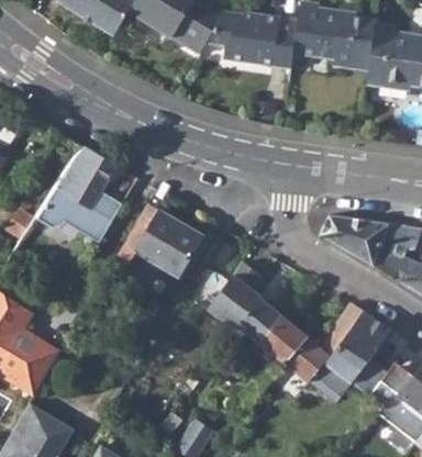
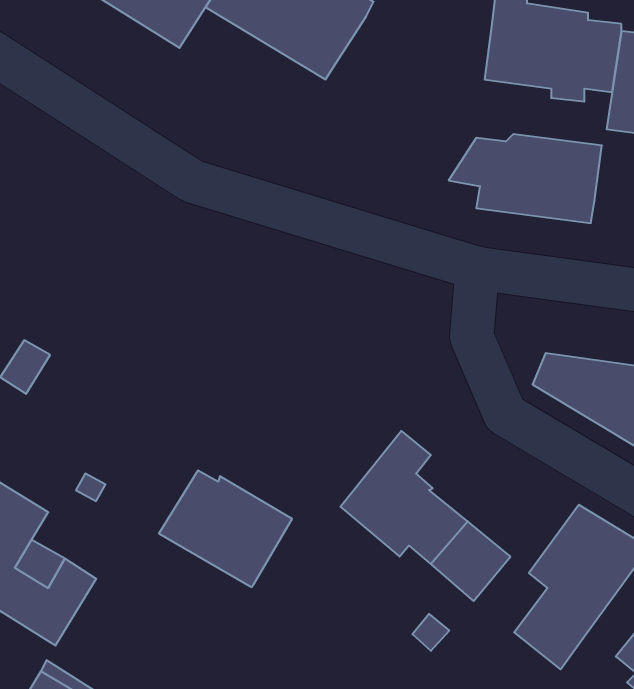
building: [206,14,297,67] -> [449,134,602,223]
building: [37,147,122,242] -> none
building: [124,208,203,277] -> [159,471,292,587]
building: [286,337,330,382] -> none

